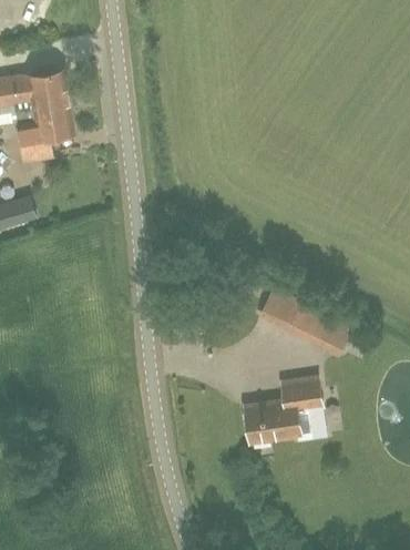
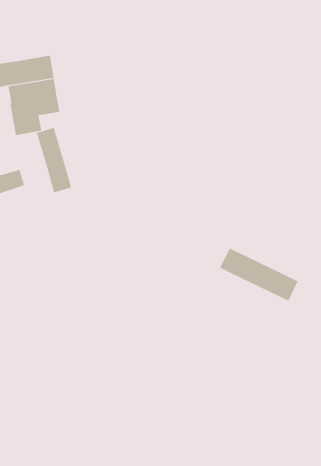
building: none -> [36,127,72,193]
building: [243,377,325,442] -> none

